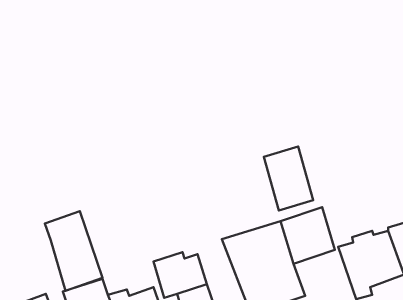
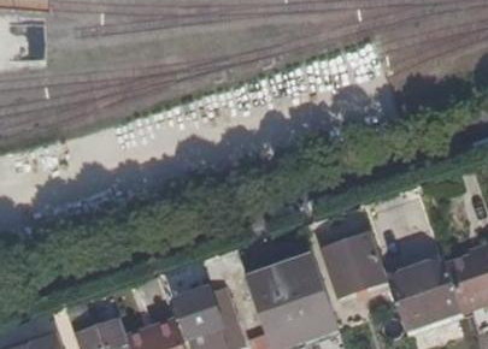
building: [264,147,313,211] -> none
building: [45,211,102,291] -> none

